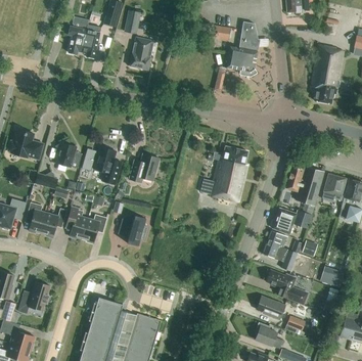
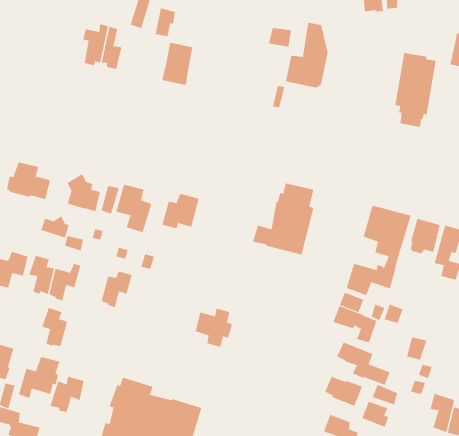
building: [67,208,88,238] -> [41,307,68,346]
building: [119,216,148,246] -> [195,308,233,347]
building: none -> [50,376,84,413]

